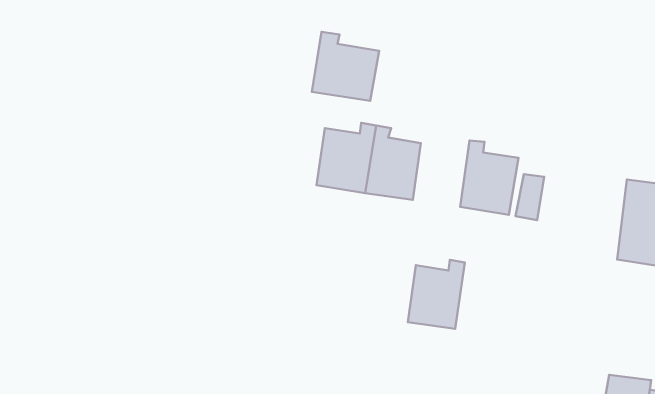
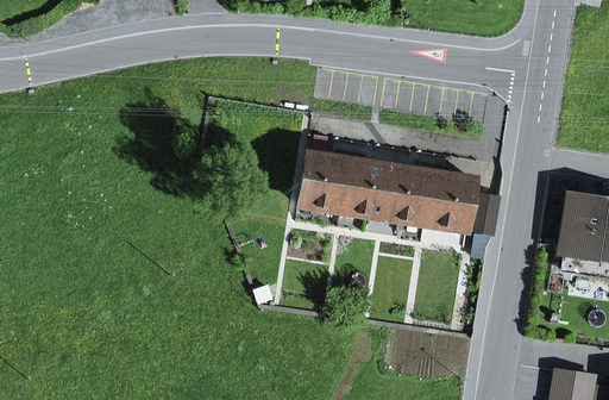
building: [312,32,379,101] -> none
building: [408,260,465,329] -> [382,162,432,223]

